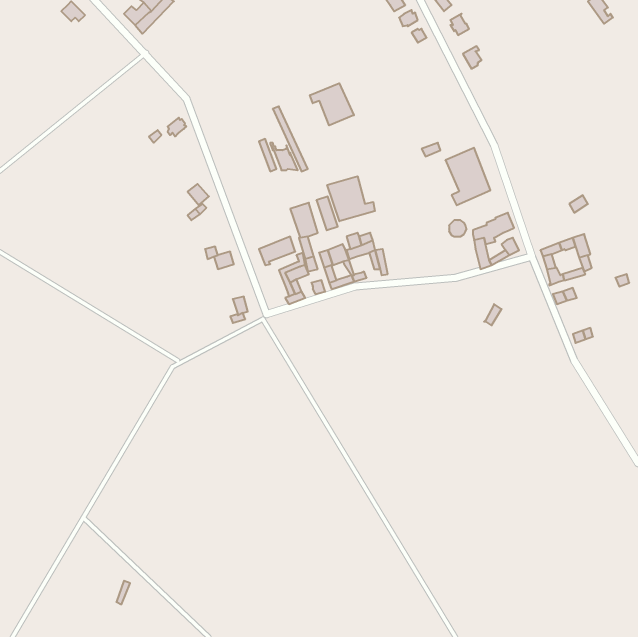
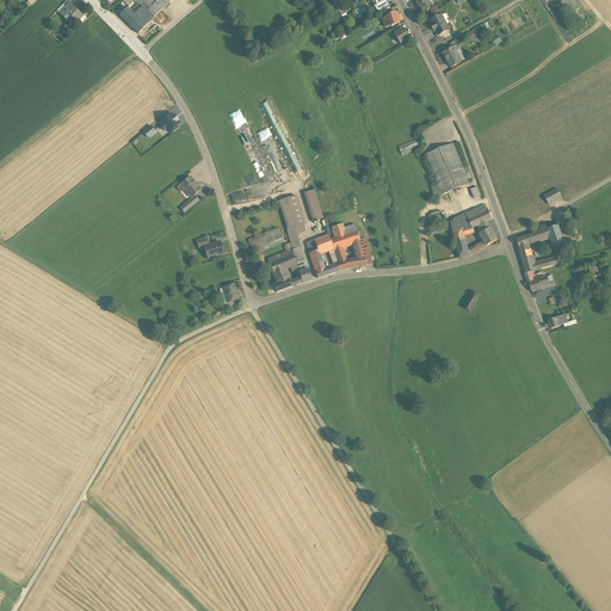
building: [310,83,354,125] -> none
building: [327,176,375,221] -> none

